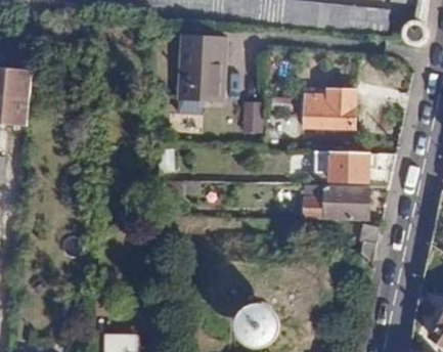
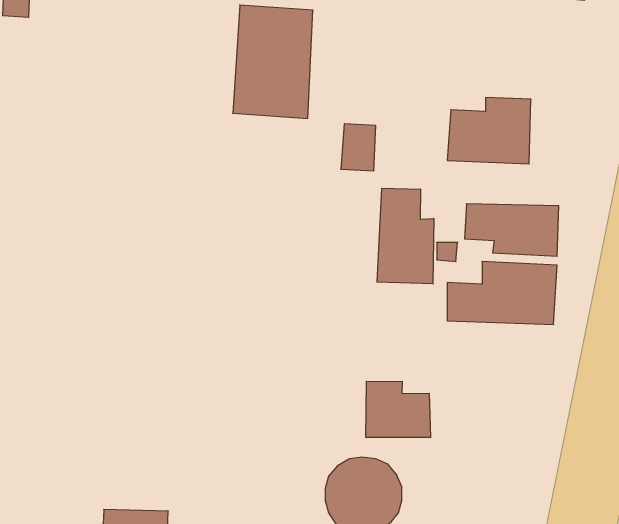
building: none -> [377,188,434,284]
building: none -> [366,381,430,438]

